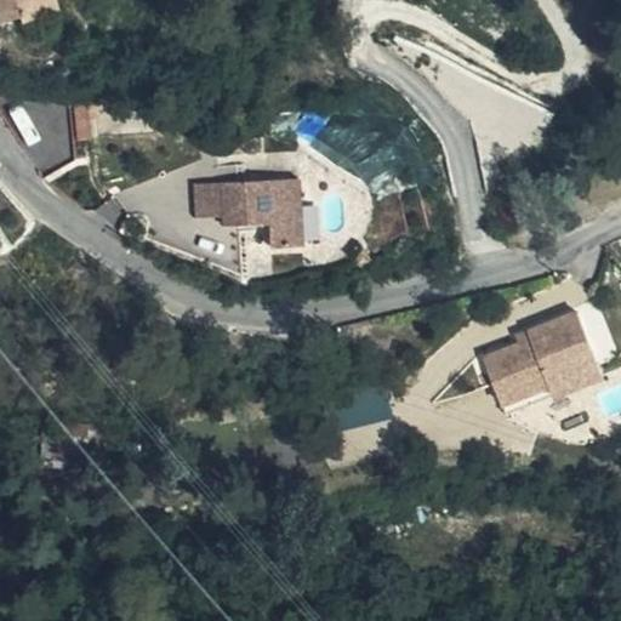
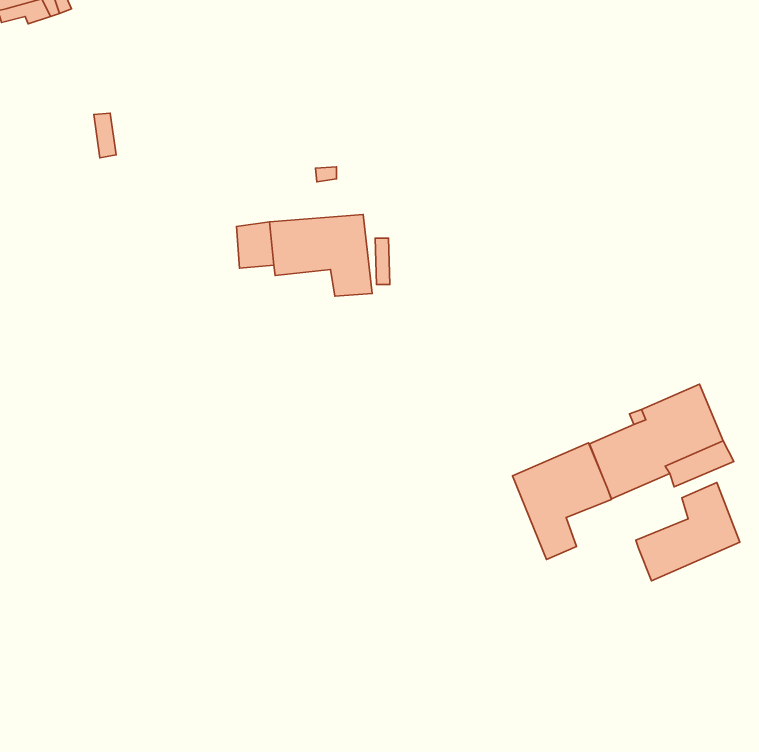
building: none -> [513,443,612,560]
building: none -> [636,482,740,581]

